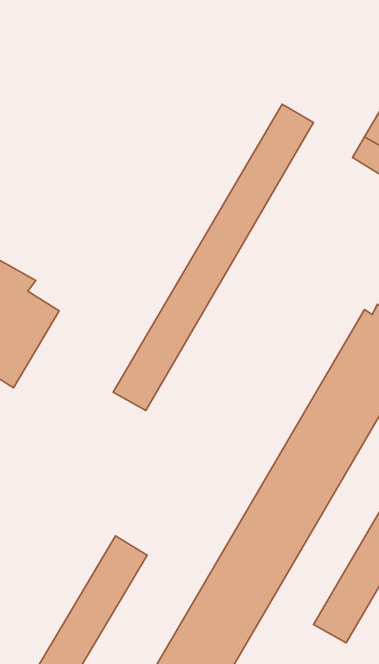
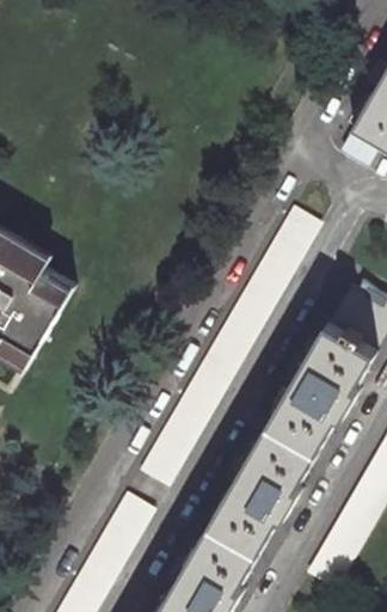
building: [113,104,313,410] -> [139,207,321,486]

